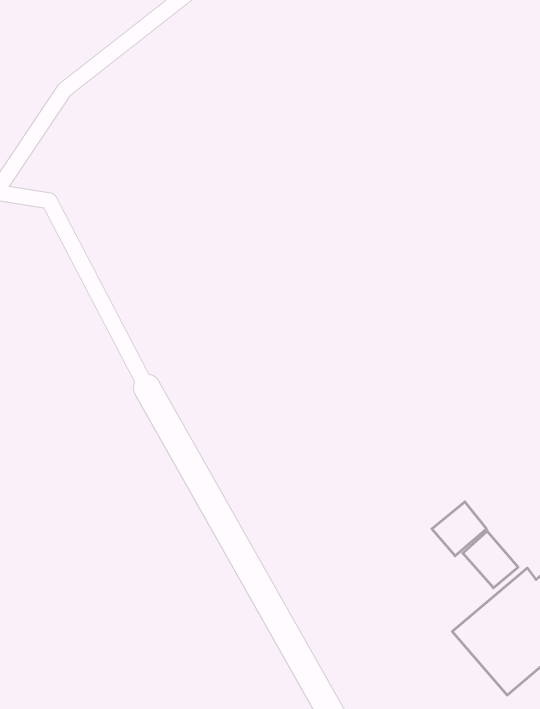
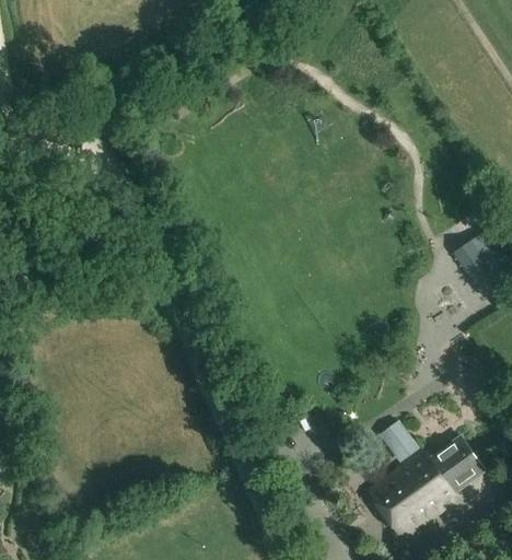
building: [432,502,486,556] -> none

